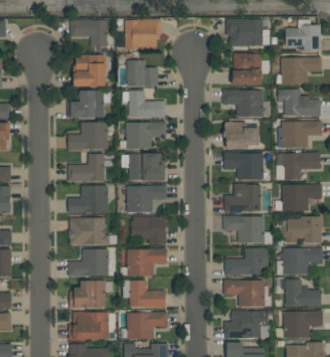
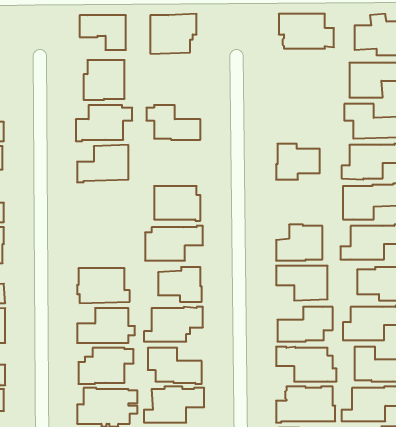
building: [230,53,269,85] -> none
building: [126,60,157,86] -> none
building: [222,90,263,117] -> none
building: [119,122,165,149] -> none
building: [222,152,263,180] -> none
building: [67,154,114,182] -> none
building: [67,186,108,213] -> none

